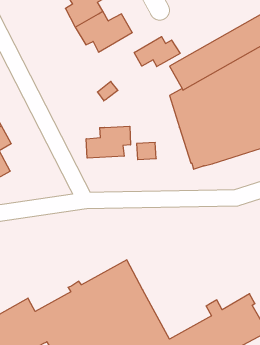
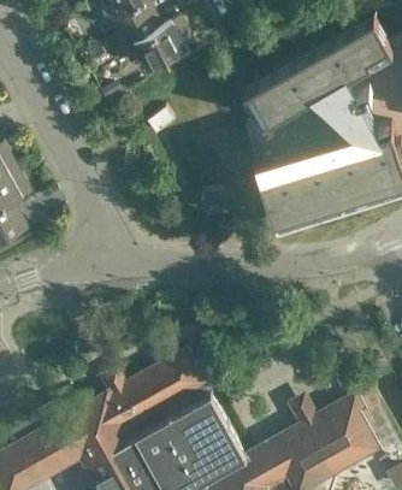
building: [134,37,180,67] -> none
building: [86,126,130,158] -> none

